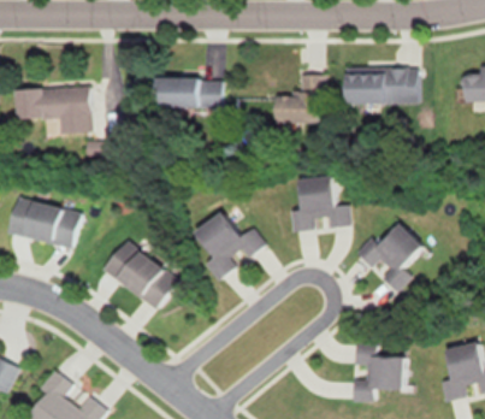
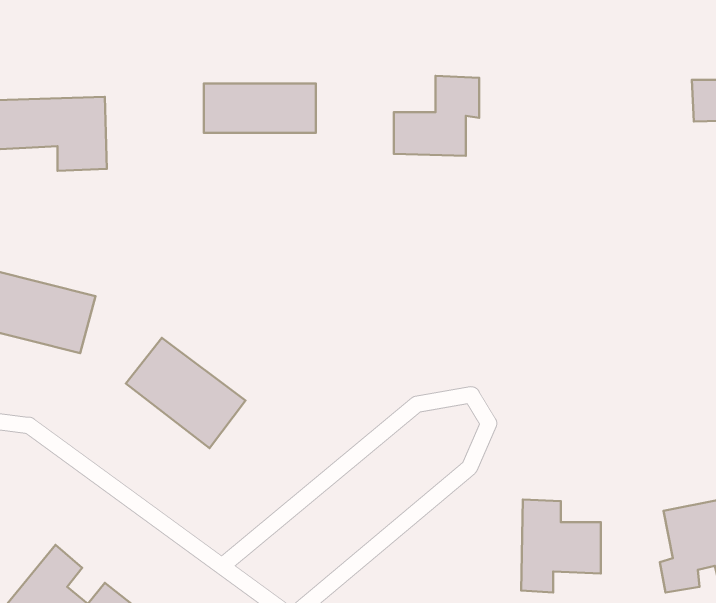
building: [343,69,419,105] -> none
building: [291,177,350,230] -> none
building: [194,212,265,279] -> none
building: [356,222,425,293] -> none

